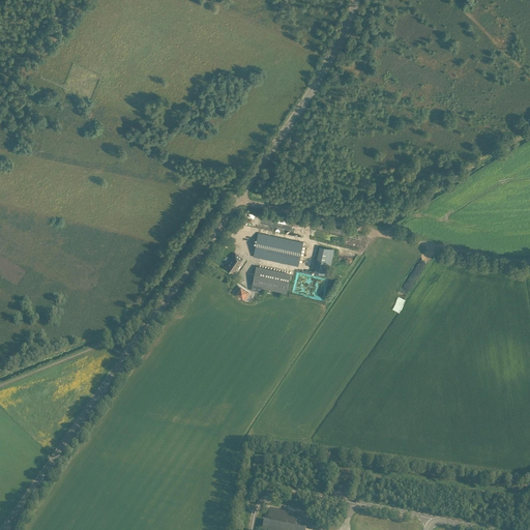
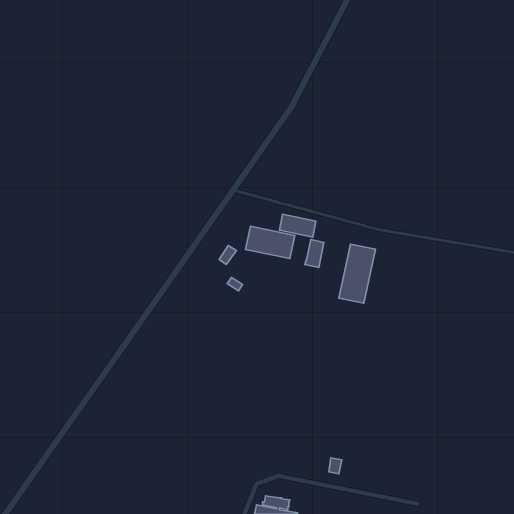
building: none -> [339,244,375,303]
building: [253,267,290,291] -> [280,214,316,237]

